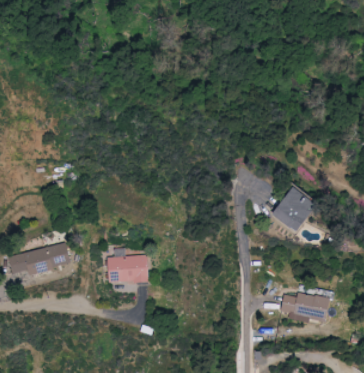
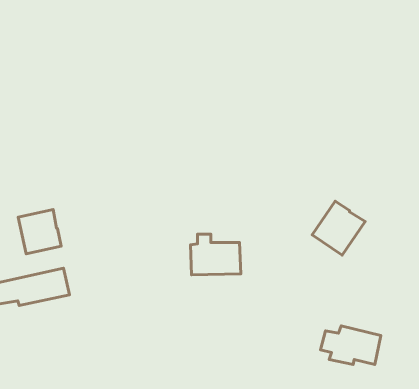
building: none -> [18,210,61,254]
building: [107,248,149,282] -> [190,234,241,275]

